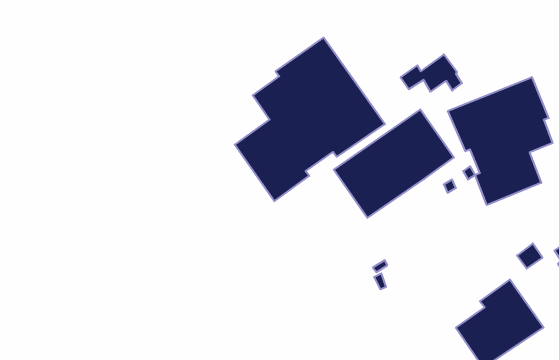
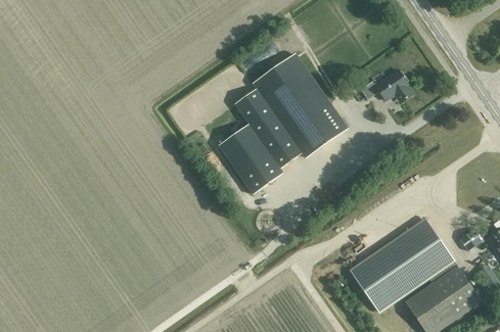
building: [448,77,553,205] -> none
building: [334,109,454,218] -> [351,219,453,311]

